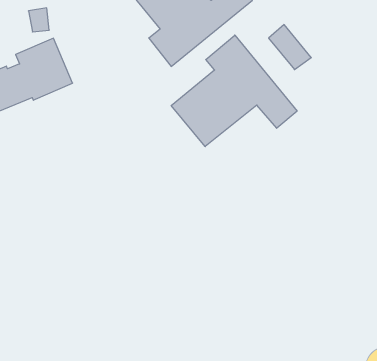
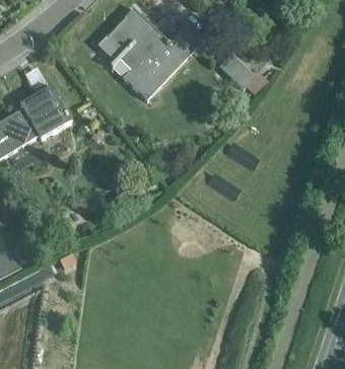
building: [171,35,297,147] -> none

